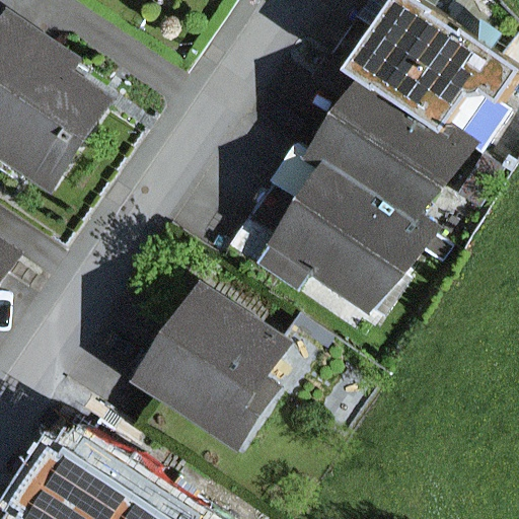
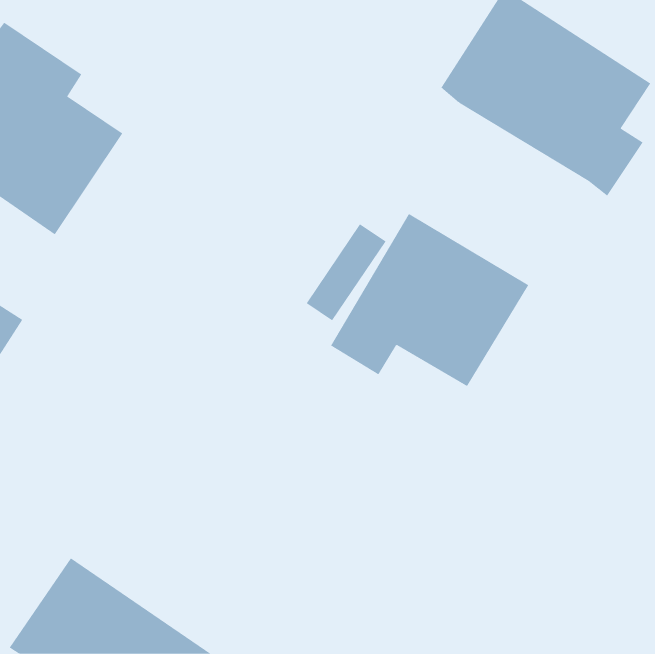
building: [312,81,464,225] -> none
building: [148,291,284,443] -> none

